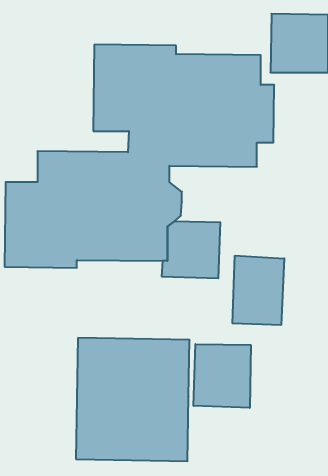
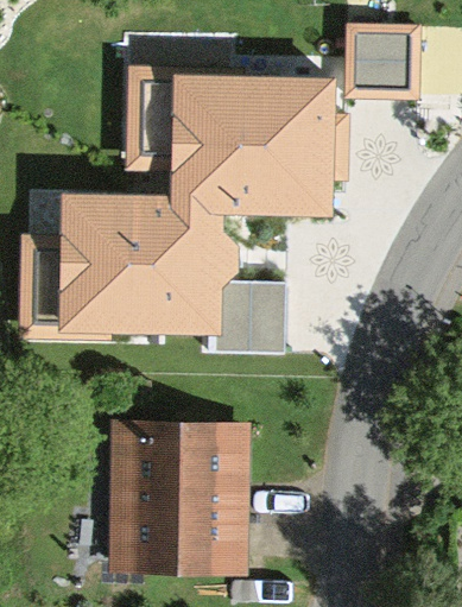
building: [233,256,284,325] -> none
building: [194,344,251,408] -> none

